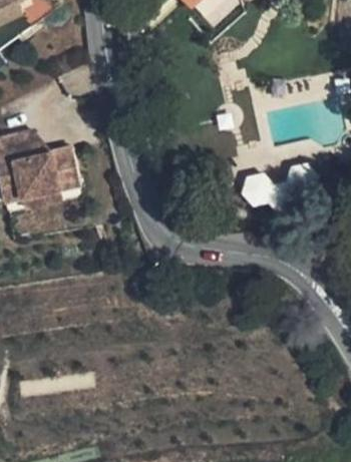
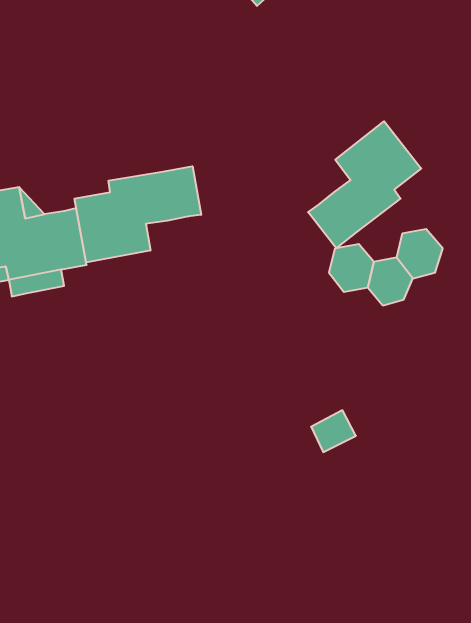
building: none -> [308,121,421,248]
building: none -> [75,166,201,262]

